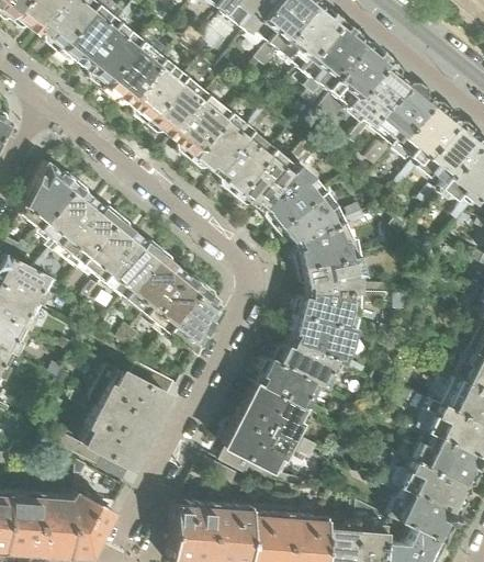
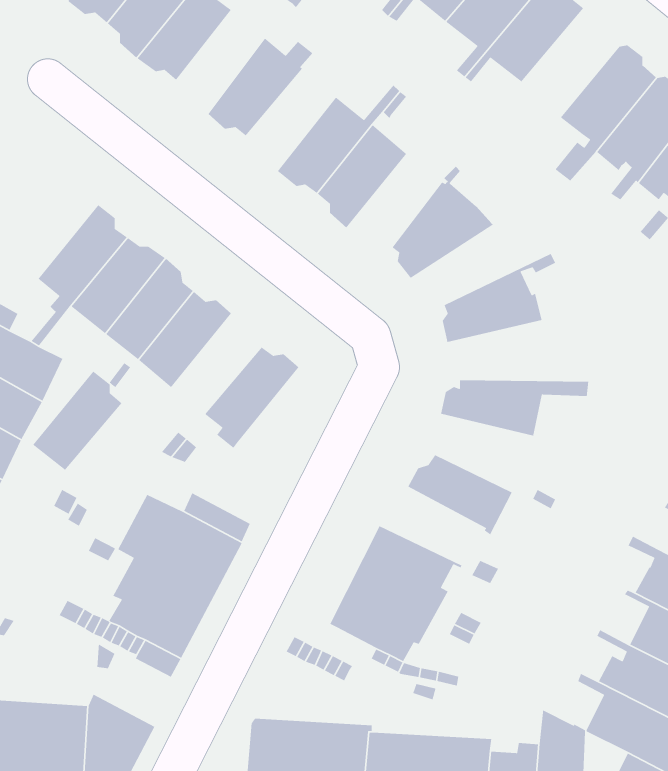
building: [346,56,408,143] -> none
building: [128,57,184,123] -> none
building: [172,94,229,159] -> none
building: [236,148,296,210] -> none
building: [22,161,79,227] -> none
building: [277,193,365,244] -> none
building: [125,249,182,313] -> [32,370,123,471]
building: [300,254,390,292] -> none
building: [168,283,222,355] -> none
building: [292,313,354,362] -> none
building: [257,357,324,408] -> none

